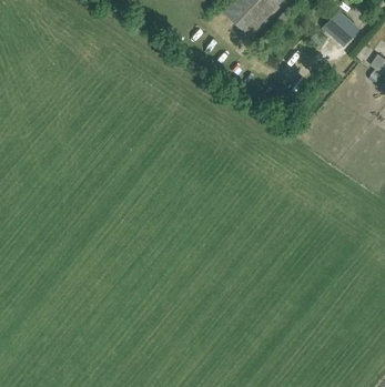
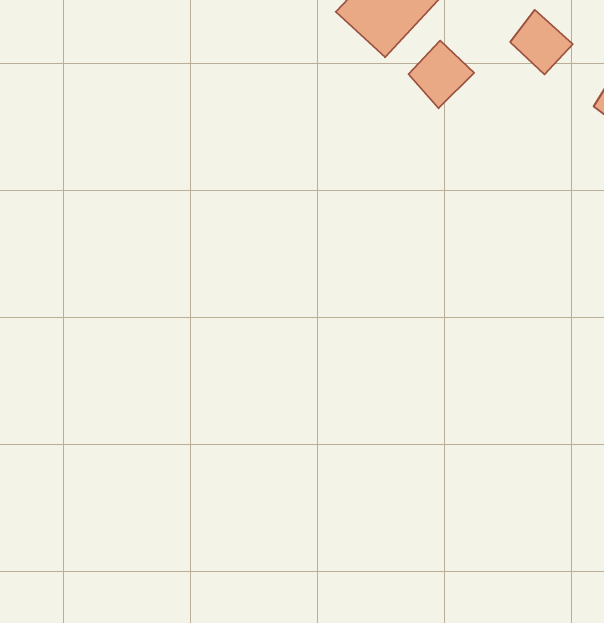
building: none -> [409,41,474,108]

